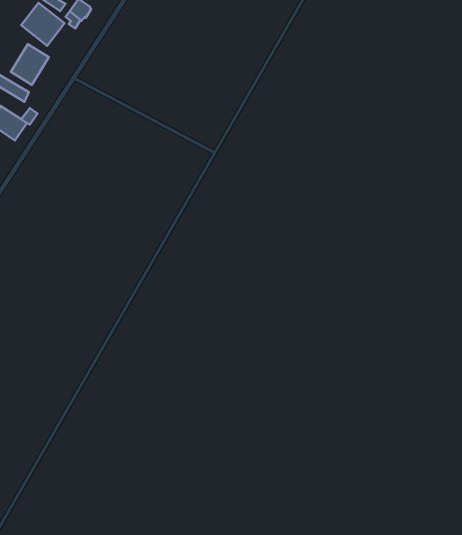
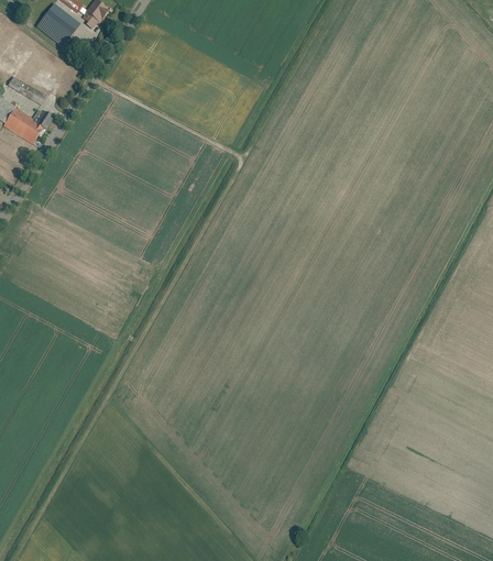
building: [11,44,49,85] -> none

